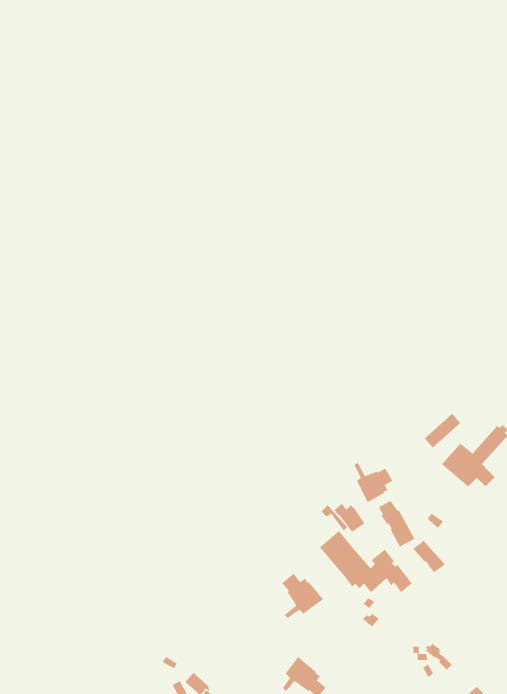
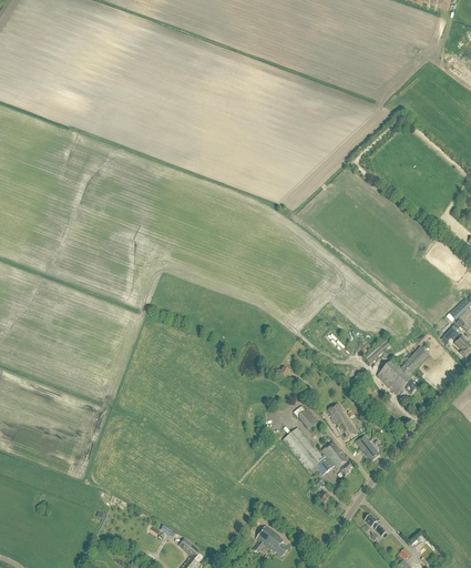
building: [354,462,393,503] -> none
building: [281,573,324,619] -> none

